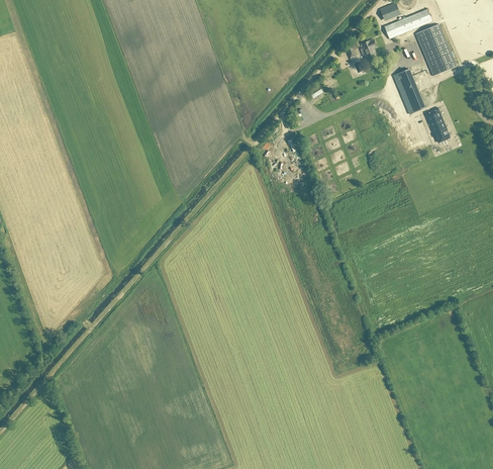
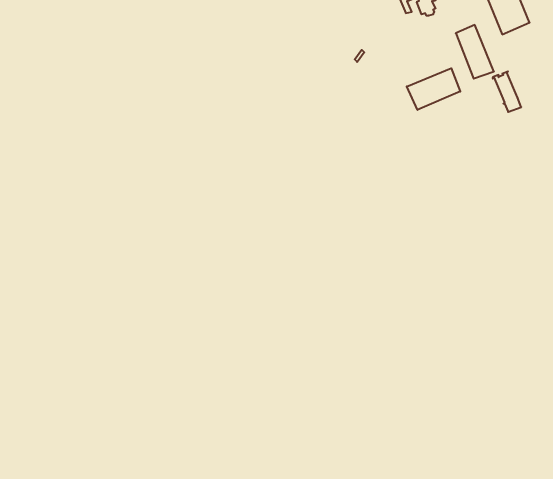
building: none -> [407,68,460,110]

